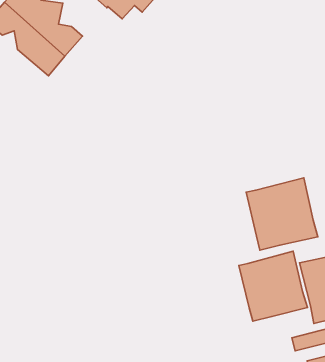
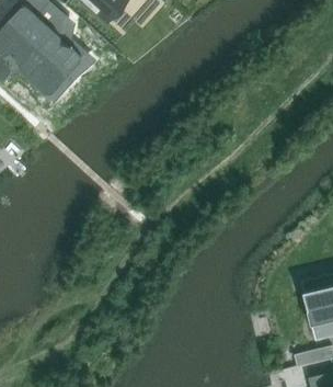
building: [246,178,318,250] -> none
building: [239,251,308,321] -> none

